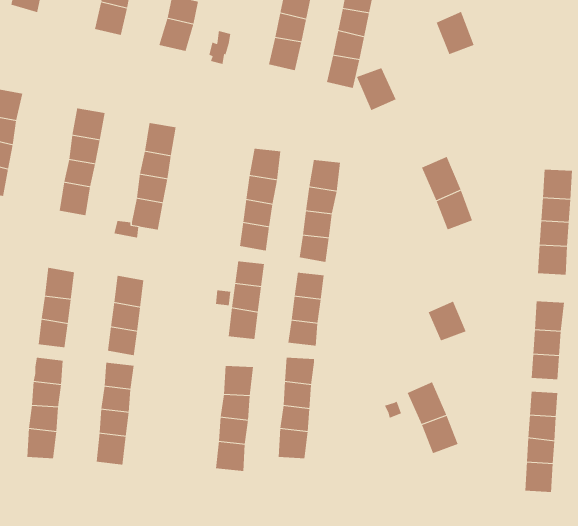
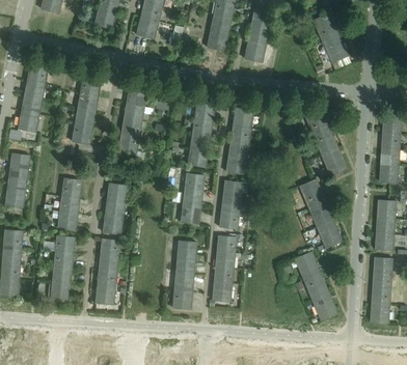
building: [356,67,396,111] -> [322,34,348,62]
building: none -> [321,147,347,175]
building: none -> [299,178,325,206]
building: none -> [317,219,343,248]
building: none -> [311,291,337,320]

